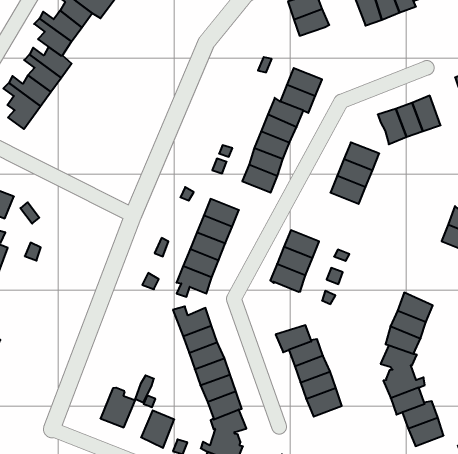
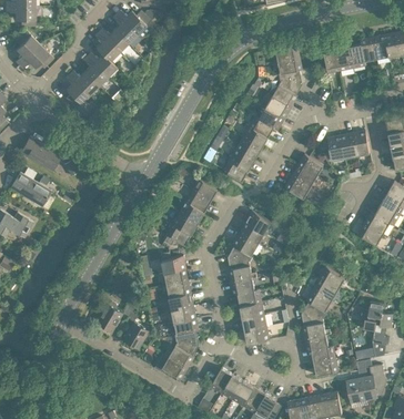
building: none -> [267,71,302,108]
building: none -> [228,245,256,283]

